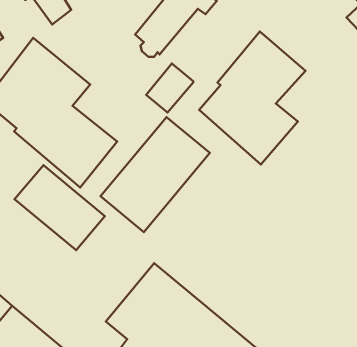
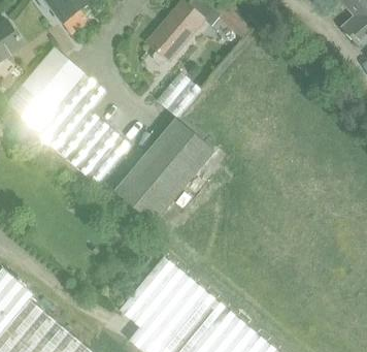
building: [199,31,305,164] -> none
building: [15,165,105,250] -> none

